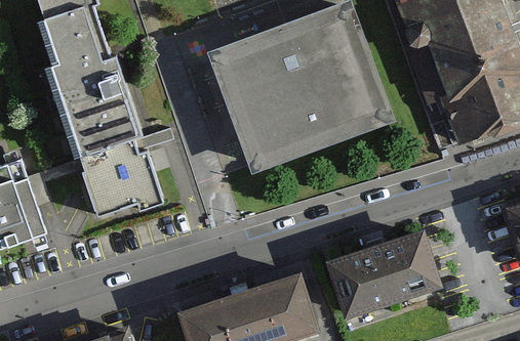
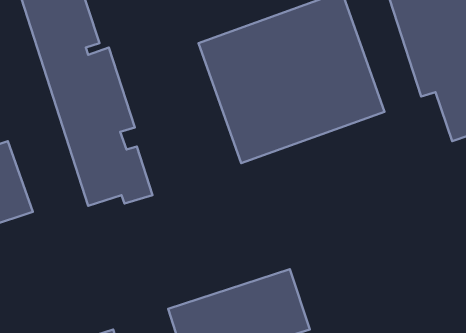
building: [325,231,441,321] -> none

